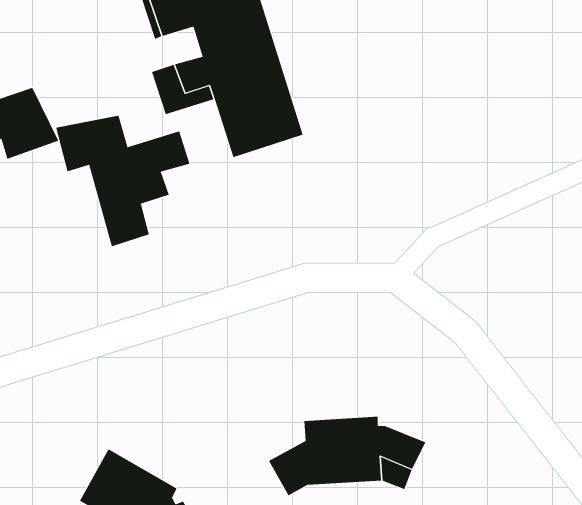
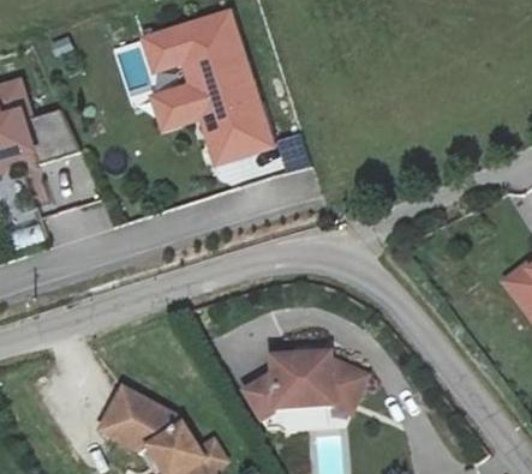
building: [55,115,190,247] -> none

